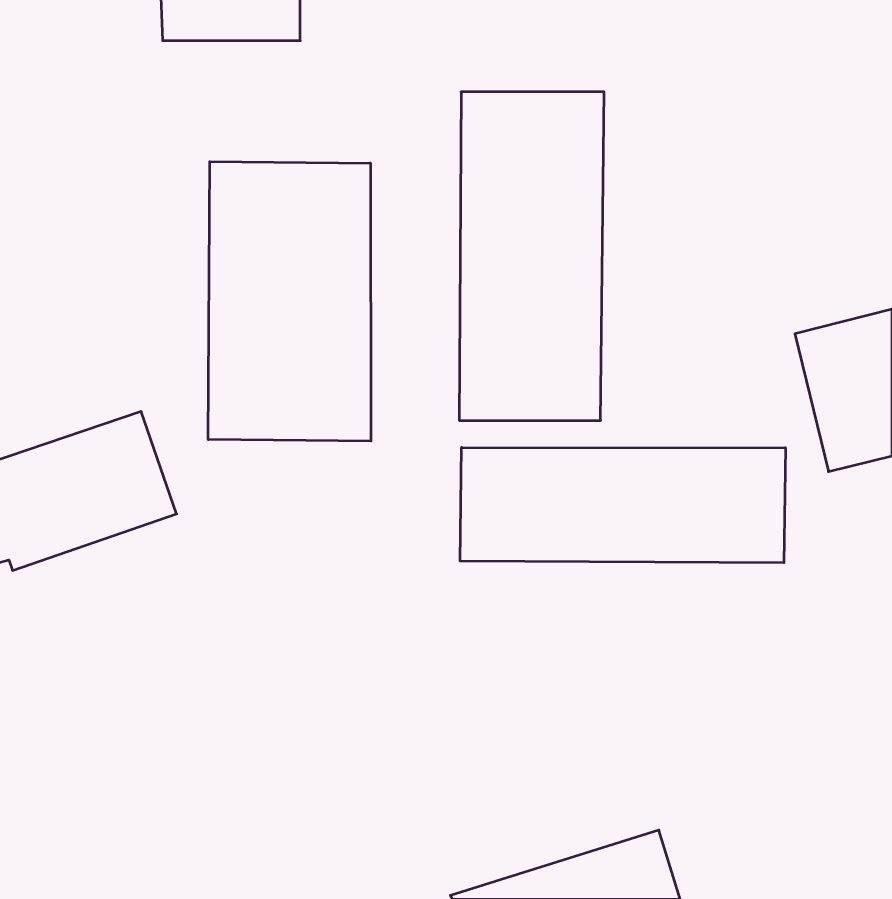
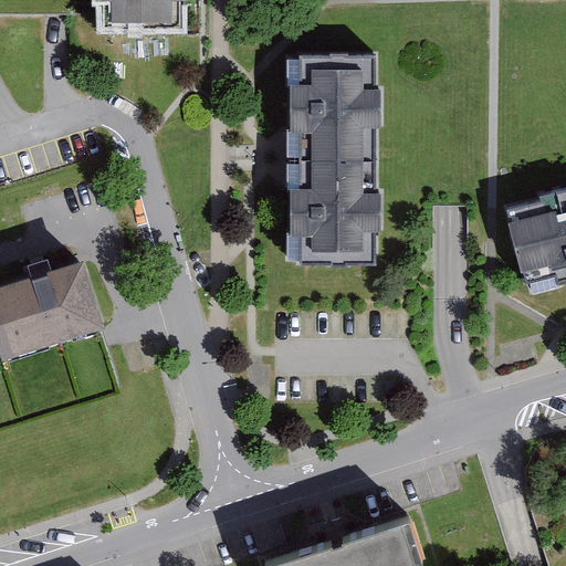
building: [208,162,371,441] -> none
building: [460,447,785,563] -> none

